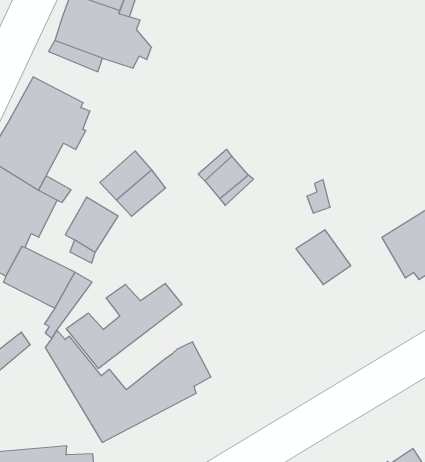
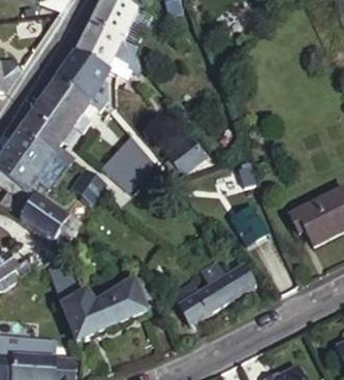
building: none -> [58,60,103,98]
building: [66,283,182,368] -> [174,265,256,322]

